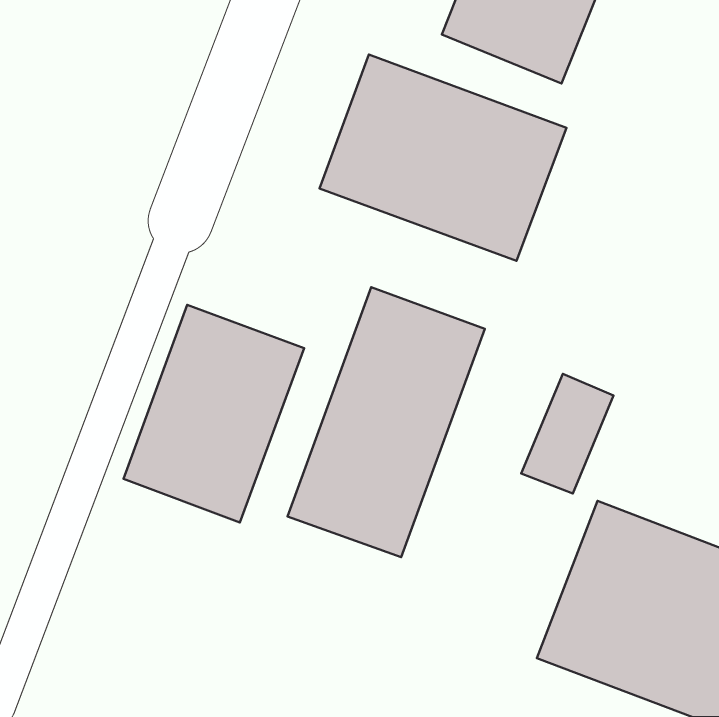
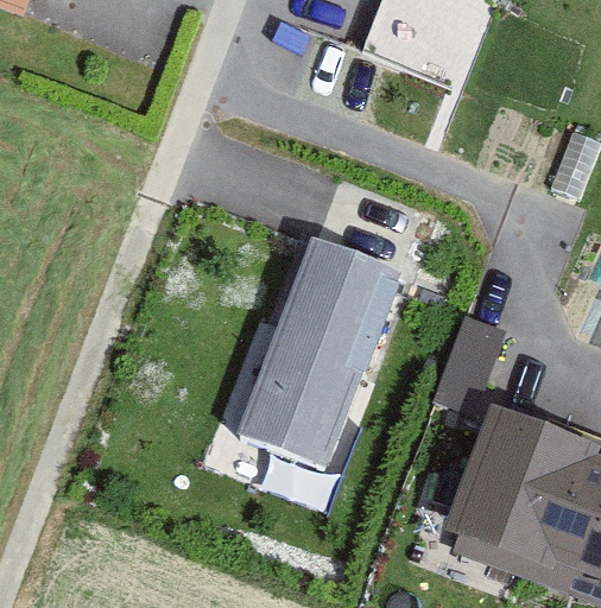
building: [320,55,567,261] -> none
building: [123,305,304,523] -> none

